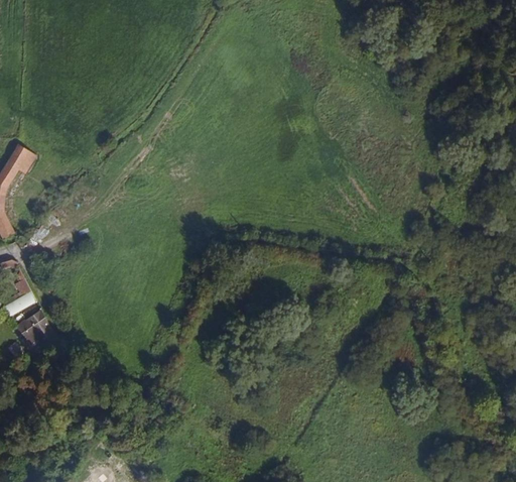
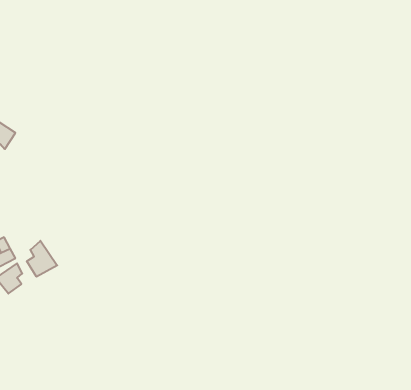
building: none -> [27,241,57,277]

